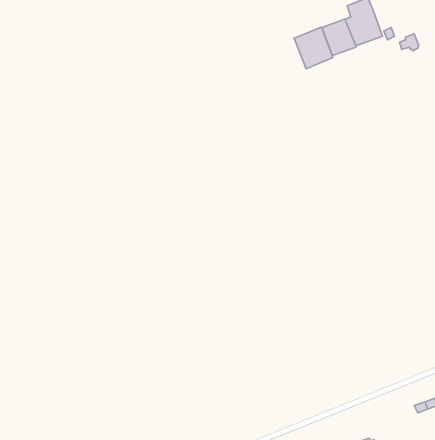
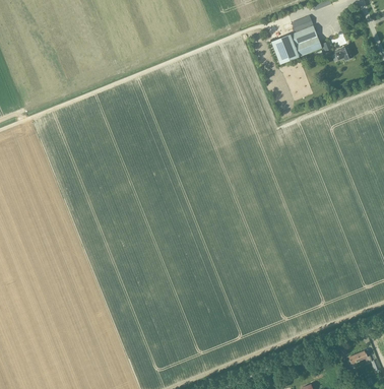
building: [294,27,333,69] -> none

